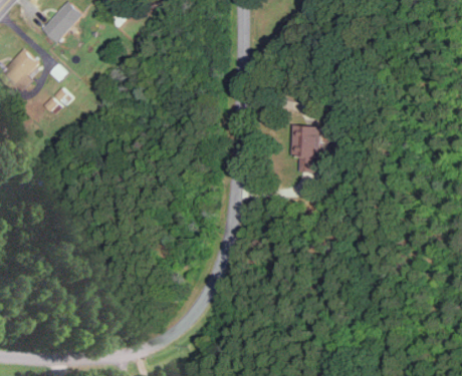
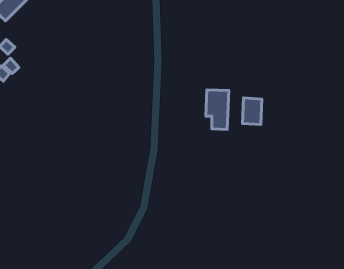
building: none -> [242,98,262,125]

